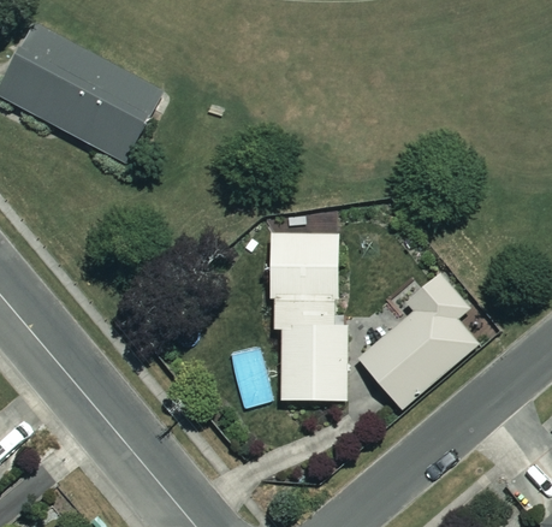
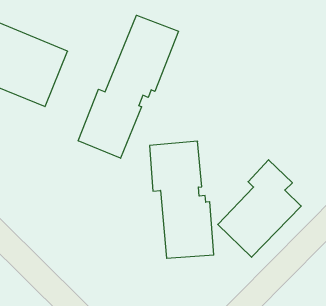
building: none -> [78,15,178,158]

